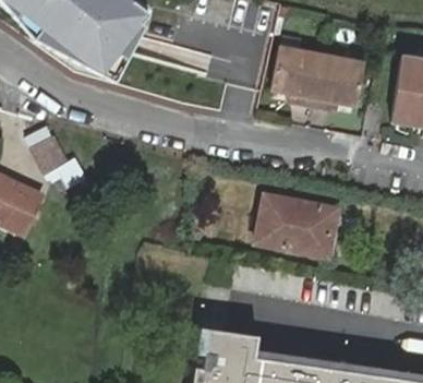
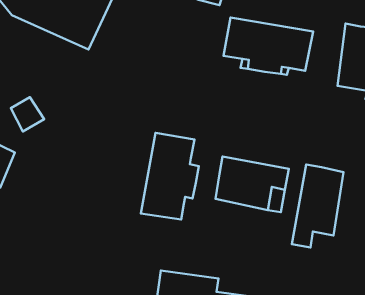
building: none -> [141,133,199,219]
building: none -> [292,164,344,247]

